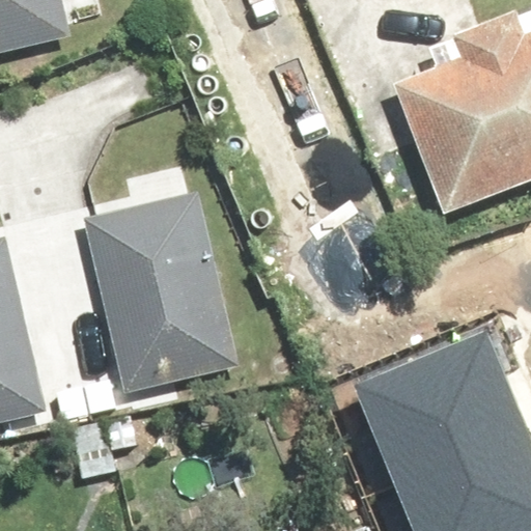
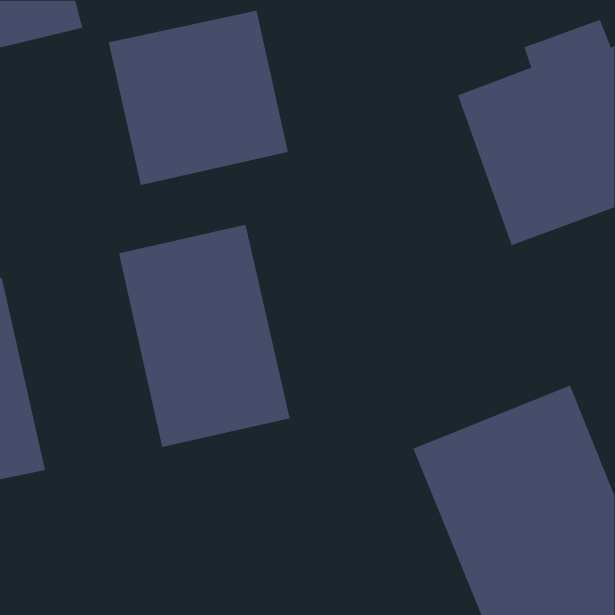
building: none -> [108,10,289,186]

